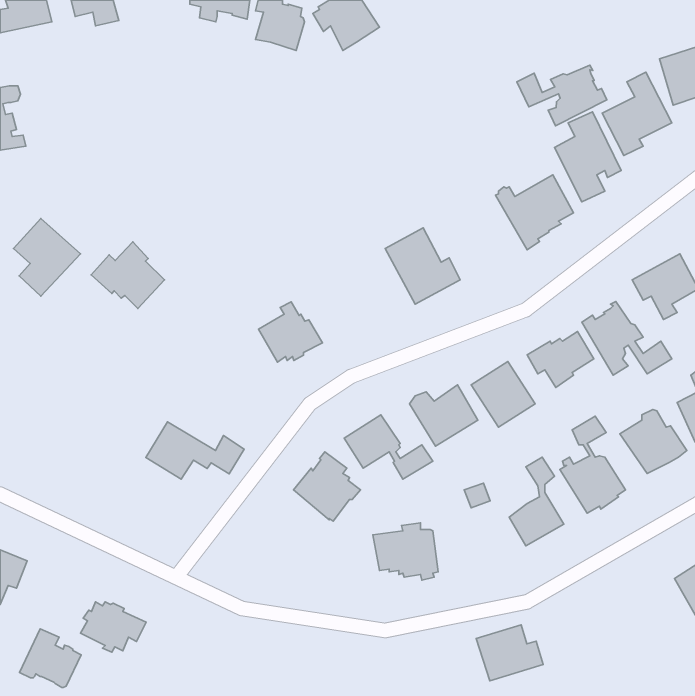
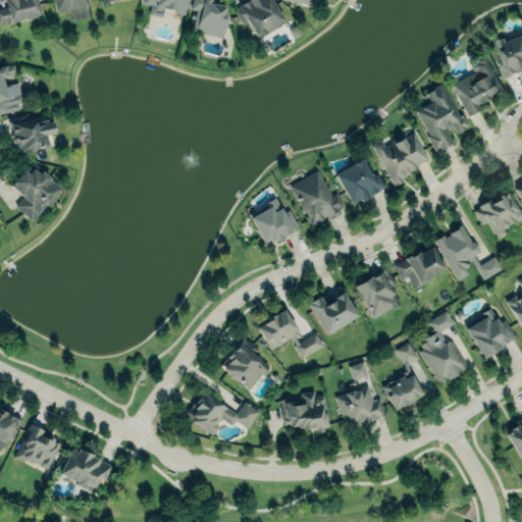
building: [517,65,607,126] -> none
building: none -> [8,112,56,153]
building: none -> [335,160,386,205]
building: [91,242,165,308] -> none
building: [258,302,323,362] -> [252,199,300,244]
building: [146,422,244,479] -> [187,392,260,434]
building: [476,625,543,681] -> [335,386,385,428]
building: [20,629,81,687] -> [15,425,61,469]

